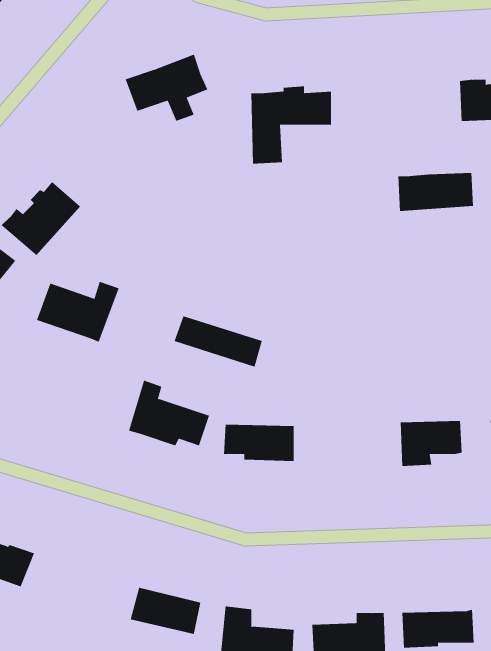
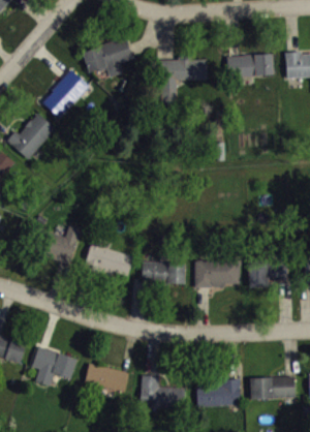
building: none -> [42,69,89,119]
building: [397,172,474,211] -> [226,55,273,79]
building: [36,281,119,342] -> [30,227,81,265]
building: [174,315,262,368] -> none
building: none -> [195,260,240,287]
building: none -> [32,345,76,384]

